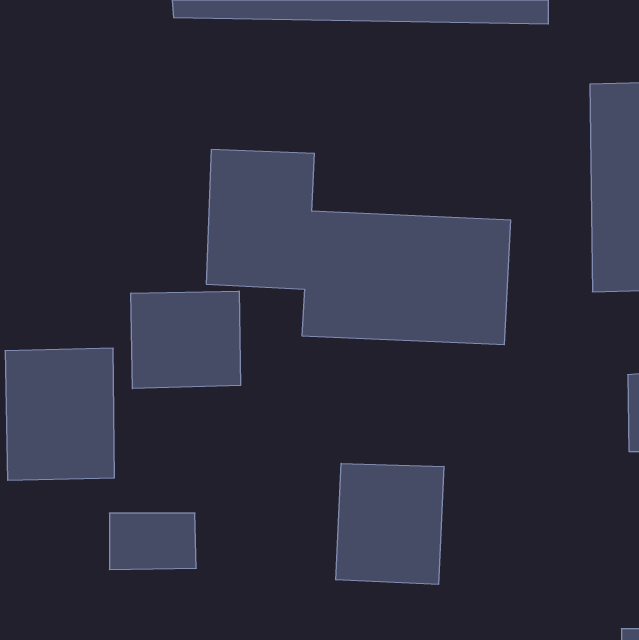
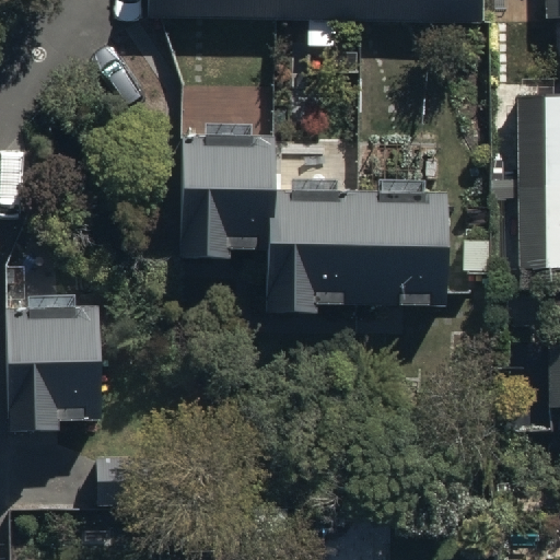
building: [131,291,241,389] -> none
building: [336,463,444,584] -> none

